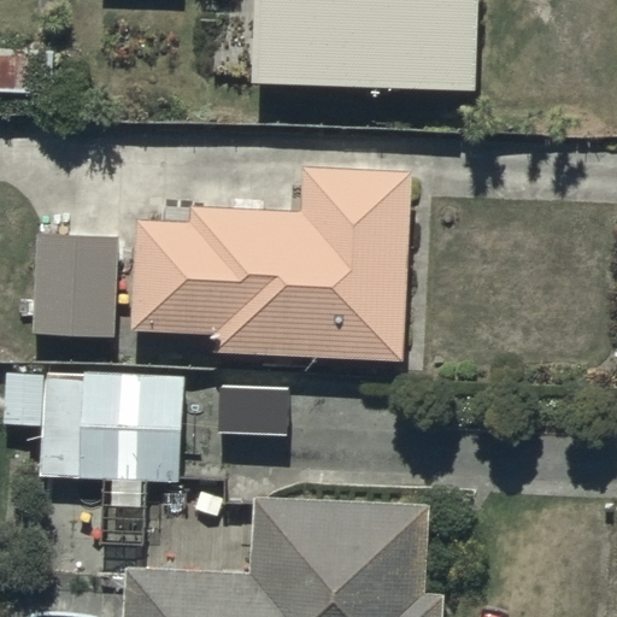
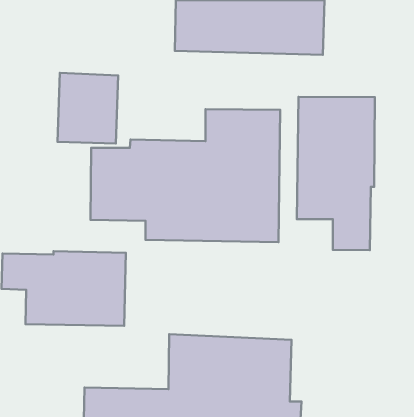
building: none -> [297,97,375,250]
building: [27,233,116,336] -> [58,73,118,144]

